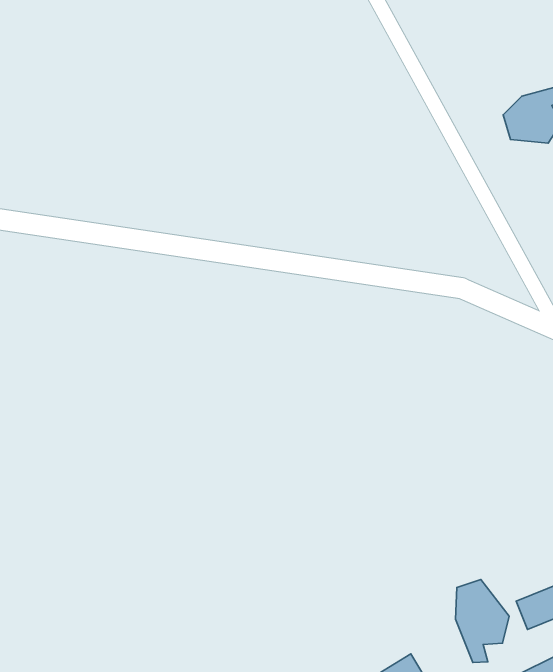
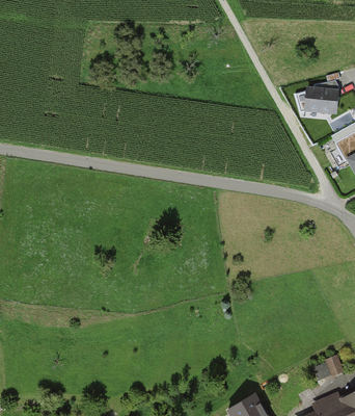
building: [456,579,509,663] -> none

